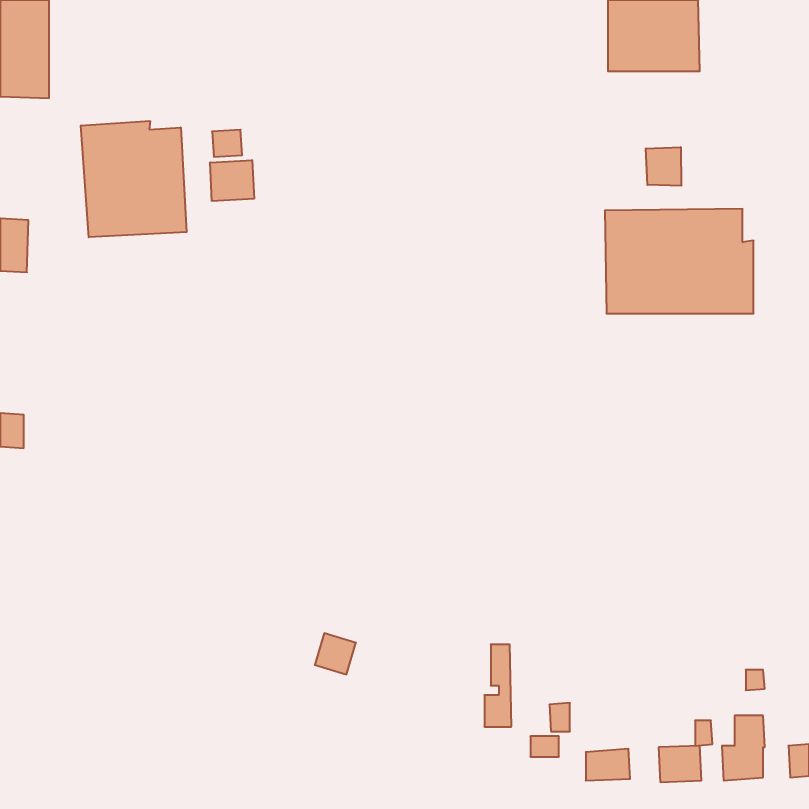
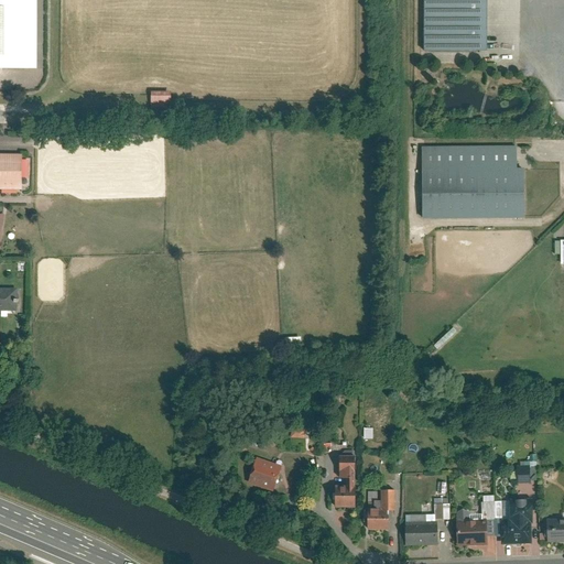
building: [81,121,187,237] -> none
building: [646,147,681,186] -> none
building: [210,160,254,201] -> none
building: [315,633,356,674] -> [251,458,280,487]

